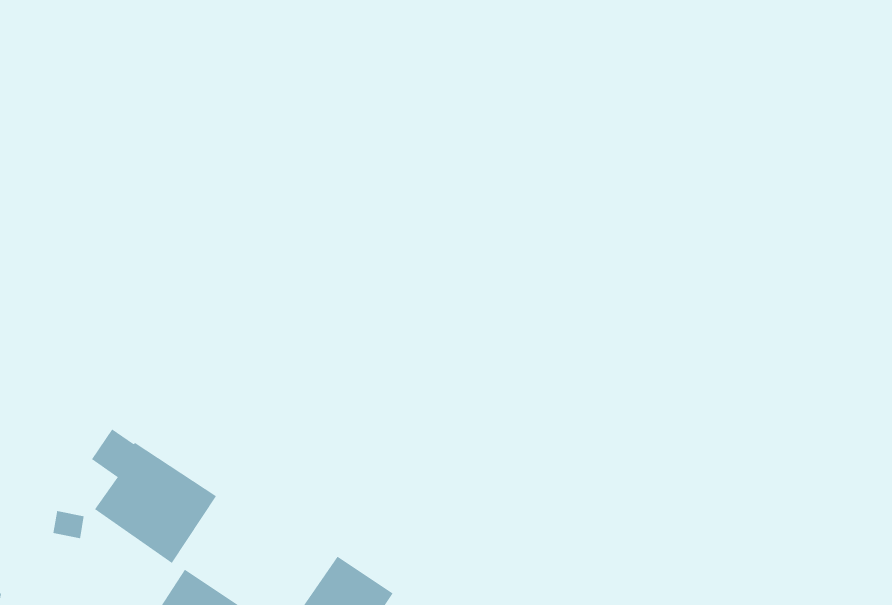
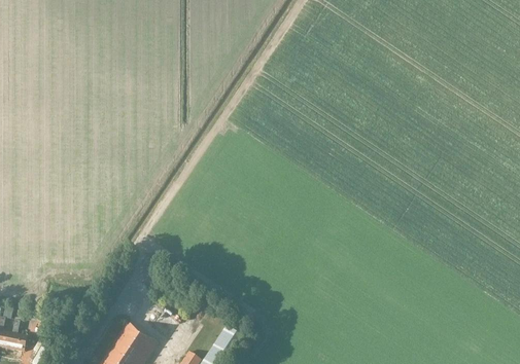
building: [91,428,217,564] -> none

